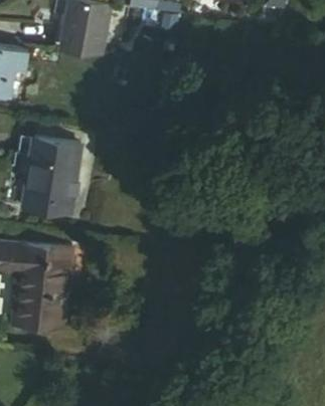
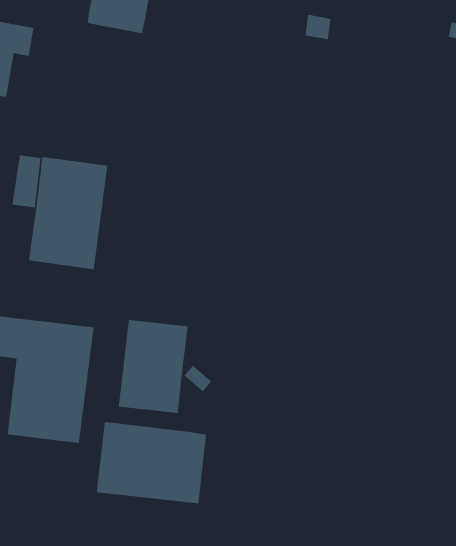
building: none -> [118,319,188,414]
building: none -> [96,421,207,504]

